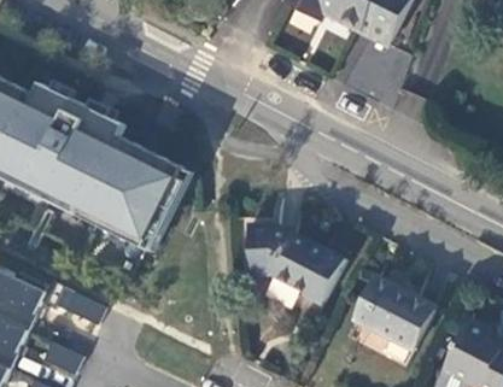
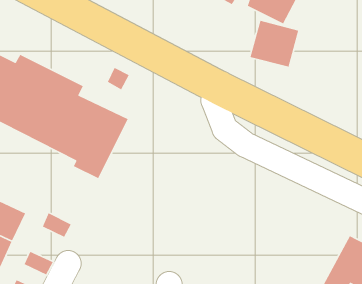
building: [248,223,346,305] -> none
building: [355,276,433,348] -> none

